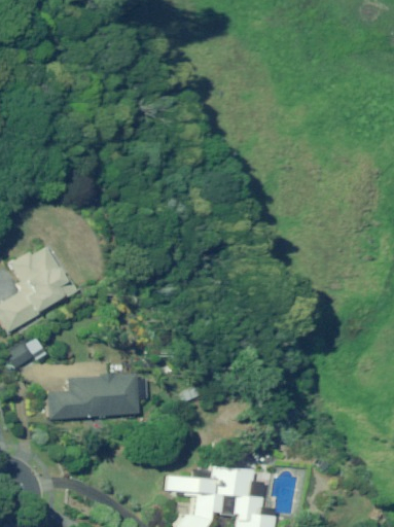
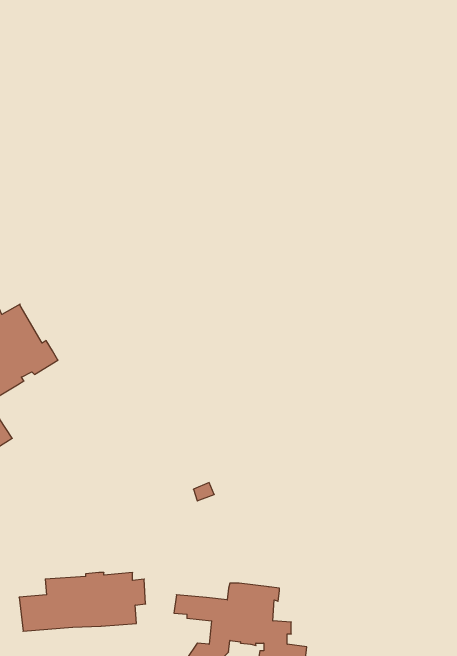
building: [47,373,147,419] -> [19,573,146,631]

